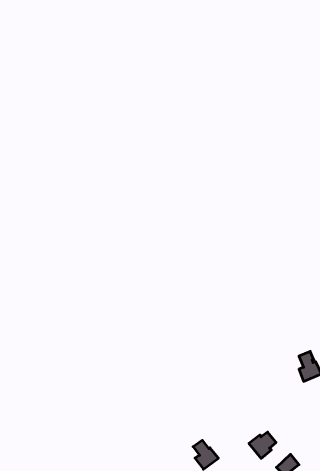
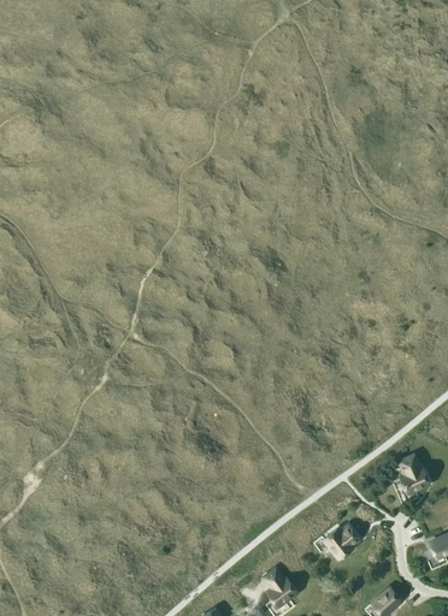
building: [249,432,276,458] -> [323,525,358,558]

